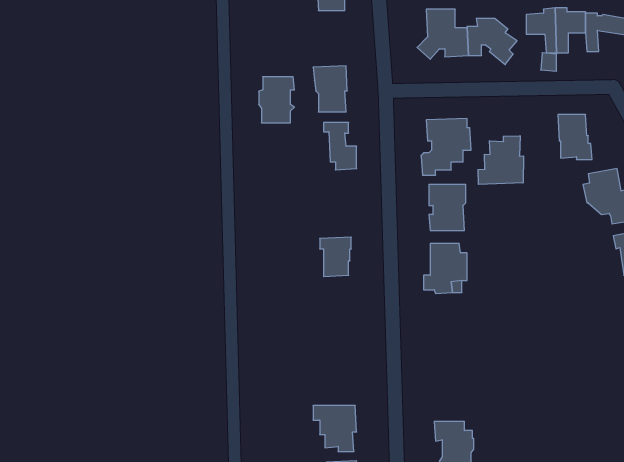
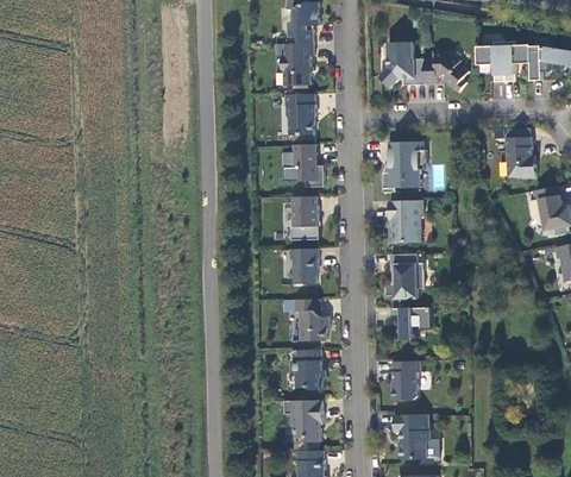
building: [259,77,294,123] -> [282,43,314,84]
building: [478,136,524,184] -> none
building: none -> [291,195,319,239]
building: none -> [295,299,330,340]
building: none -> [391,306,432,338]
building: none -> [289,349,326,389]
building: none -> [391,360,420,400]

